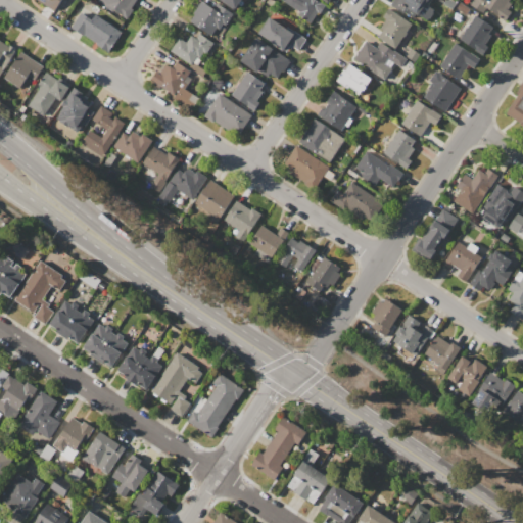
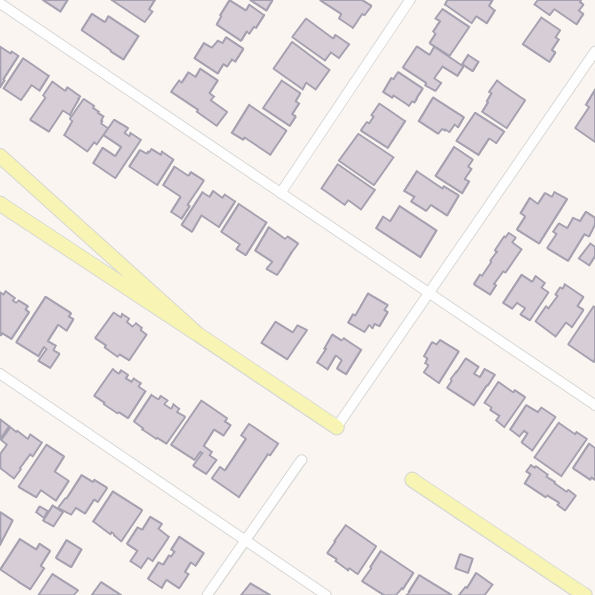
building: [439,43,479,79] -> none
building: none -> [419,97,464,134]
building: [248,225,288,257] -> [261,322,307,359]
building: [277,237,316,272] -> [317,335,361,374]
building: [49,300,94,342] -> [95,313,147,360]
building: none -> [525,465,576,510]
building: [250,416,305,480] -> none

